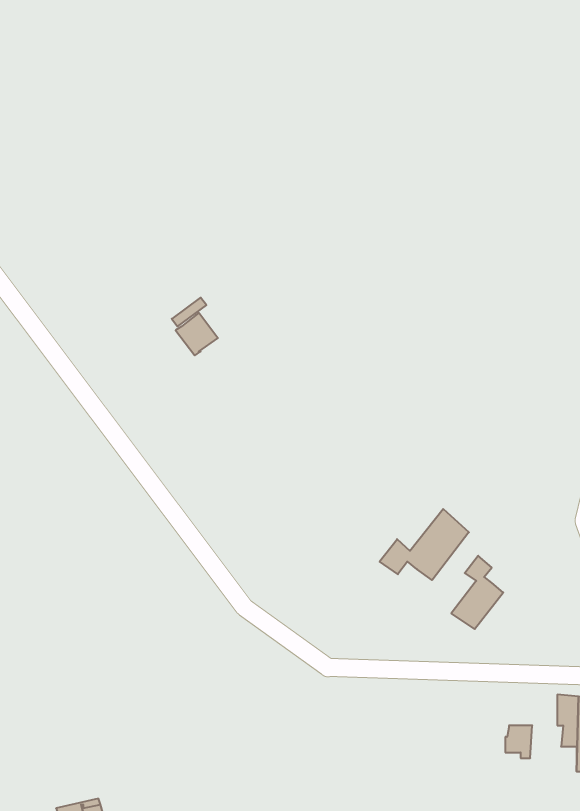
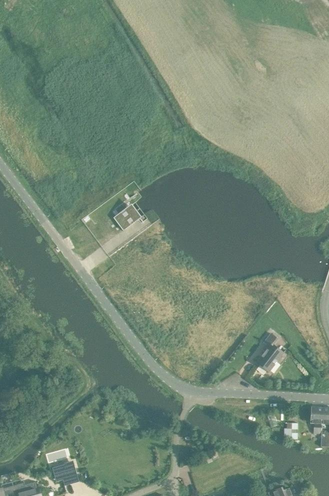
building: [380,509,469,580] -> none

